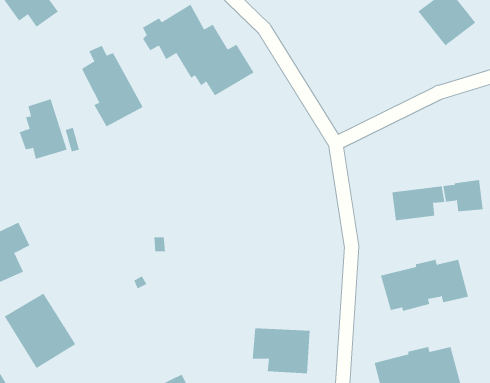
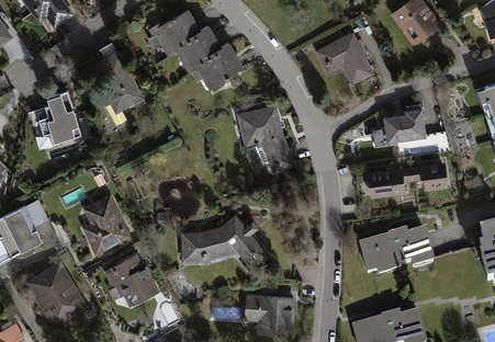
building: none -> [315,32,374,86]
building: none -> [236,104,295,175]
building: none -> [372,109,426,147]
building: none -> [81,195,132,255]
building: none -> [180,214,270,271]
building: none -> [105,255,160,307]

